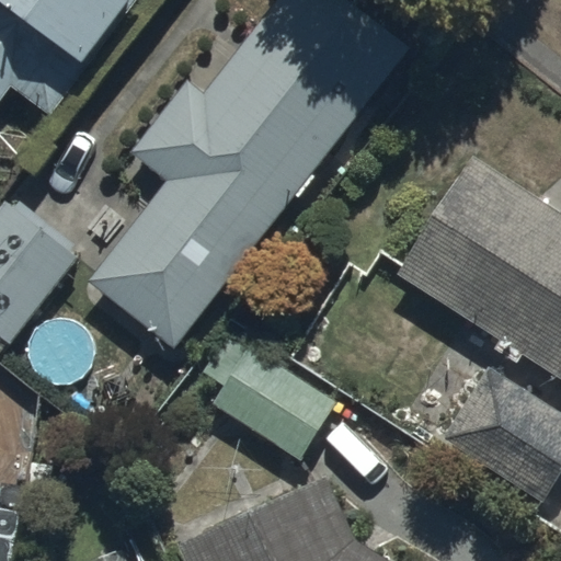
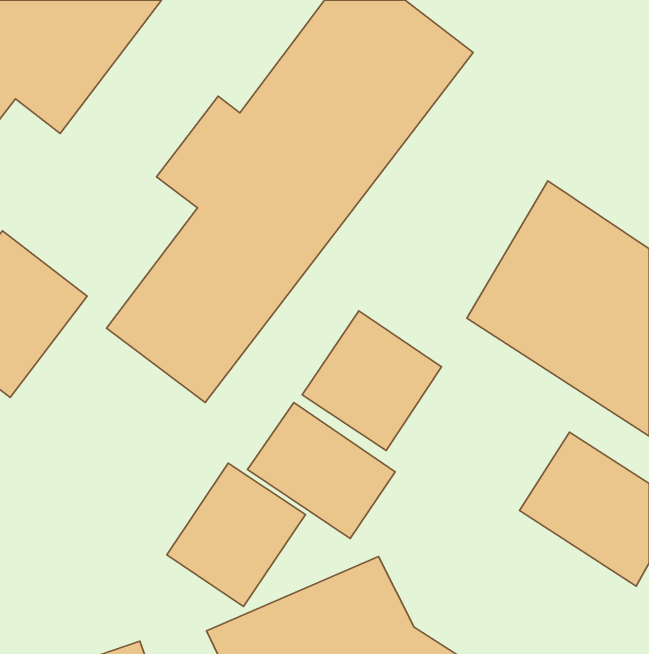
building: none -> [302,311,441,451]
building: none -> [167,463,306,607]

